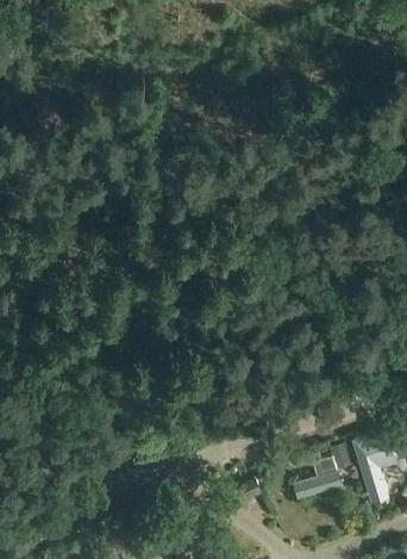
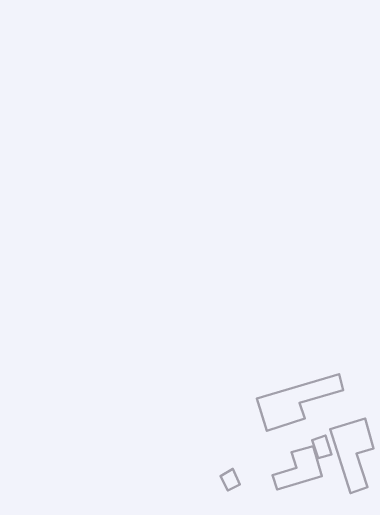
building: none -> [257,374,343,431]

